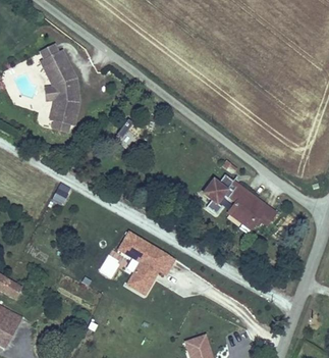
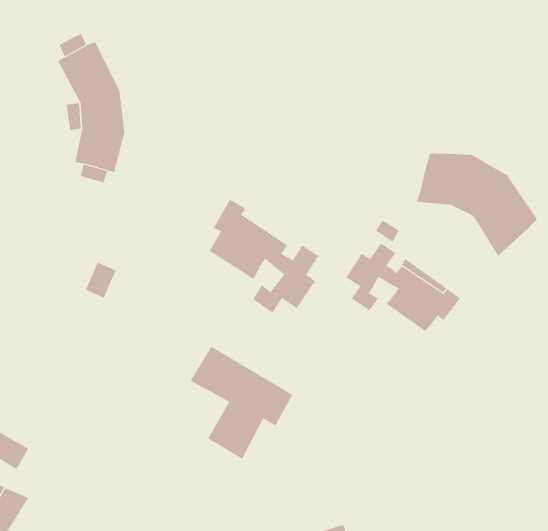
building: none -> [416,152,537,257]
building: none -> [209,199,319,314]

